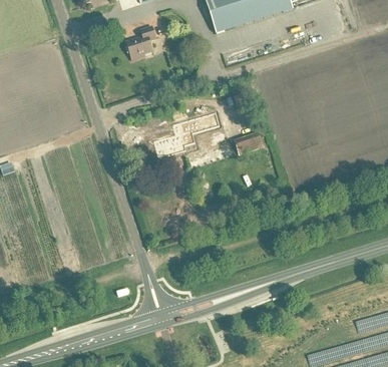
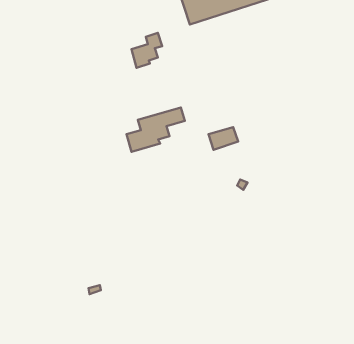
building: [126,25,156,59] -> [131,33,162,68]

